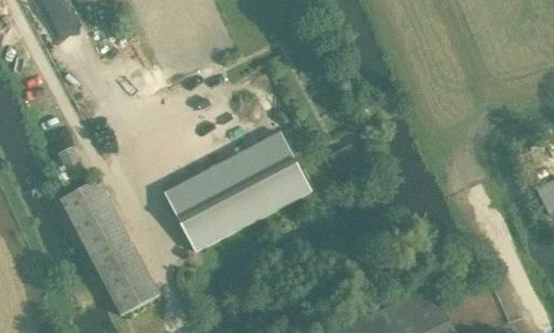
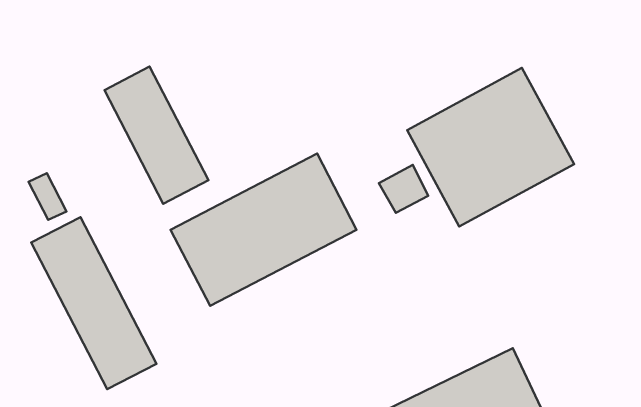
building: none -> [104,67,208,204]
building: none -> [407,68,574,226]

